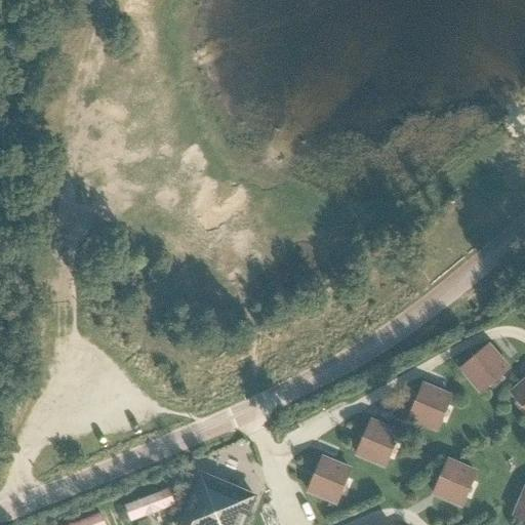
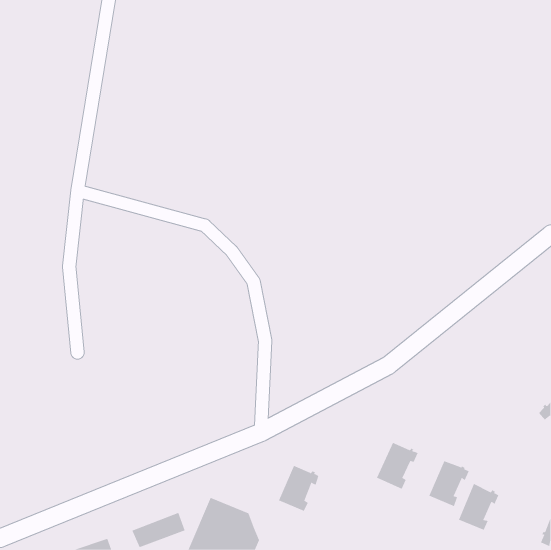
building: [461,346,510,391] -> none
building: [411,385,450,429] -> [429,460,470,507]
building: [310,457,349,501] -> [278,465,319,511]

